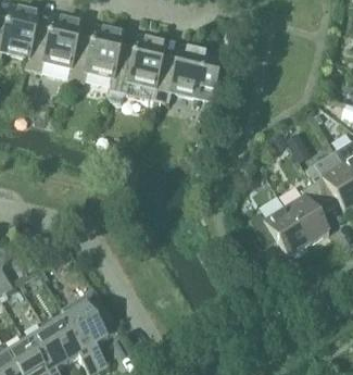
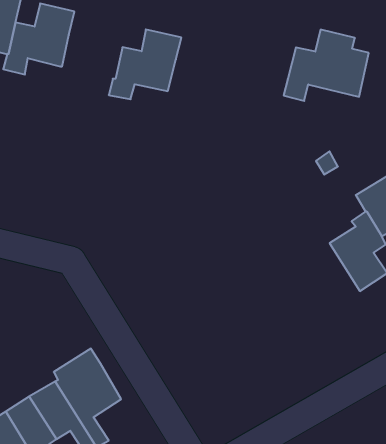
building: [66,25,123,82] -> none
building: [151,46,218,102] -> [284,30,369,101]
building: [250,205,306,257] -> none

